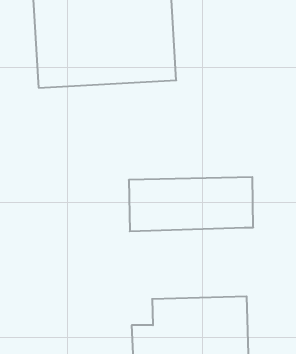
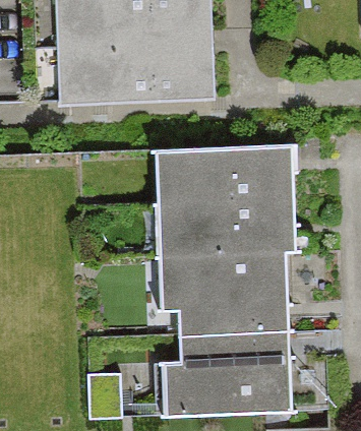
building: none -> [158,148,294,207]
building: none -> [160,259,288,337]

